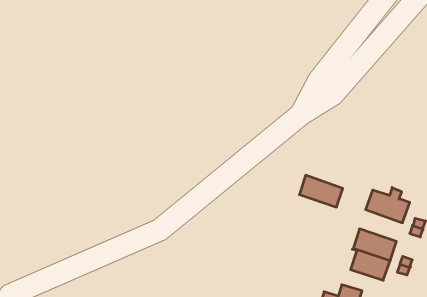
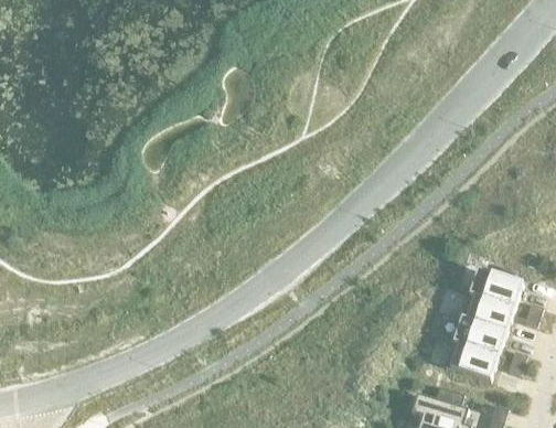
building: [299,175,343,207] -> [459,293,513,333]

